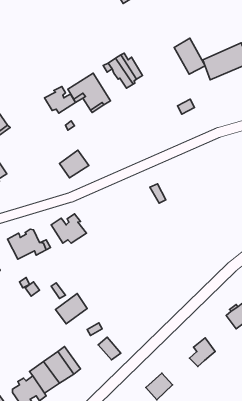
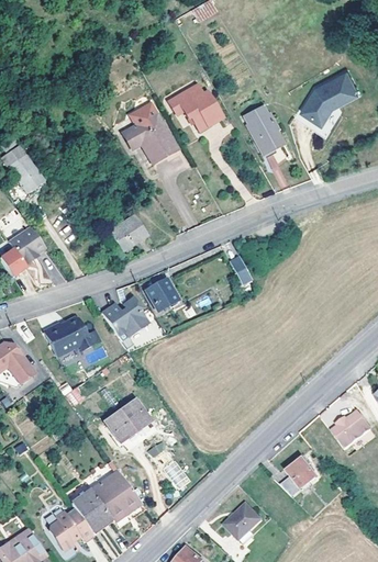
building: [174,38,205,74] -> [243,105,284,153]
building: [44,87,76,113] -> none
building: none -> [146,278,178,310]

